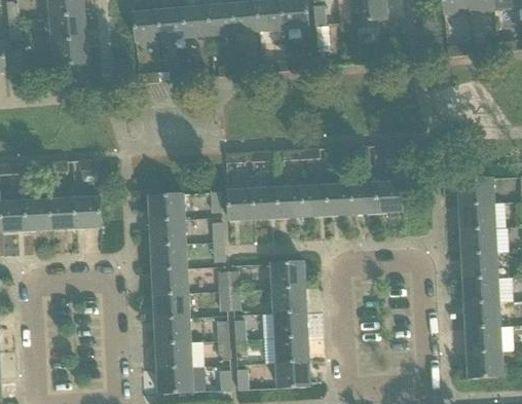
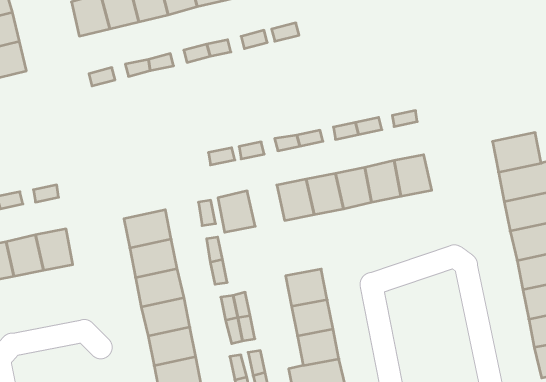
building: [252,187,278,218] -> none

